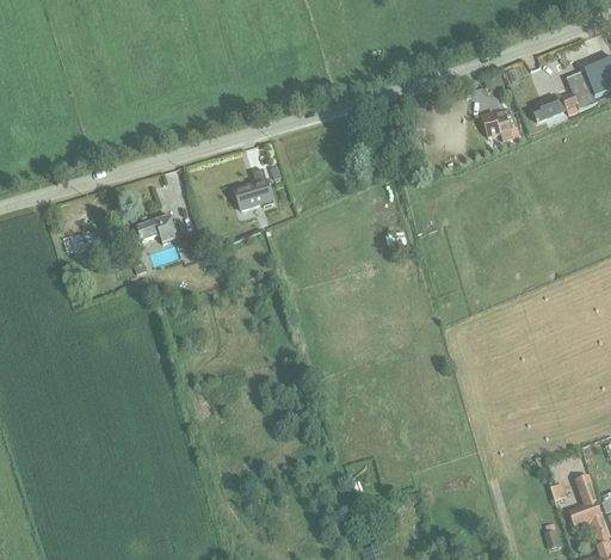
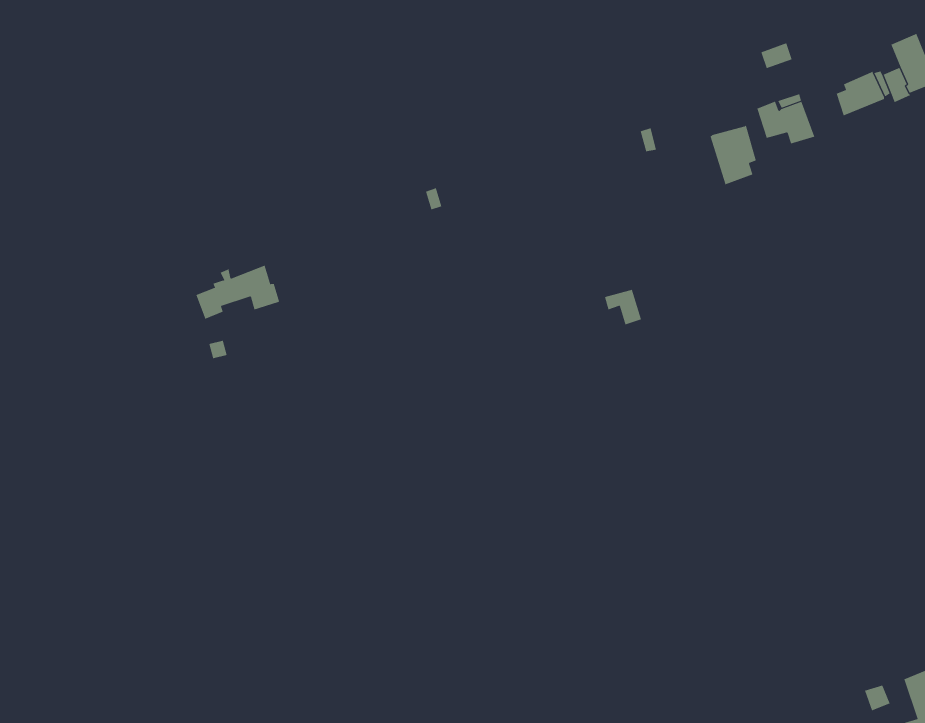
building: none -> [710,124,756,185]
building: [234,168,273,211] -> none

